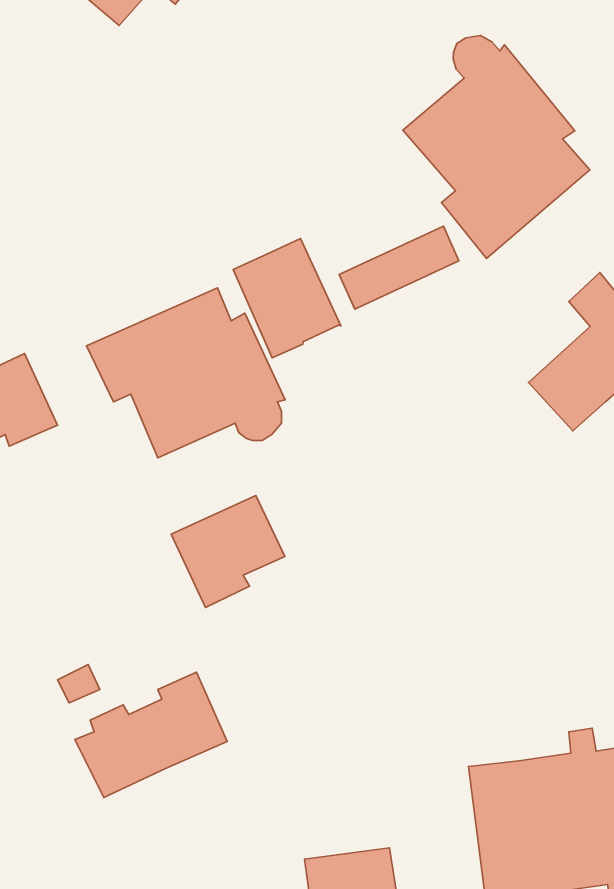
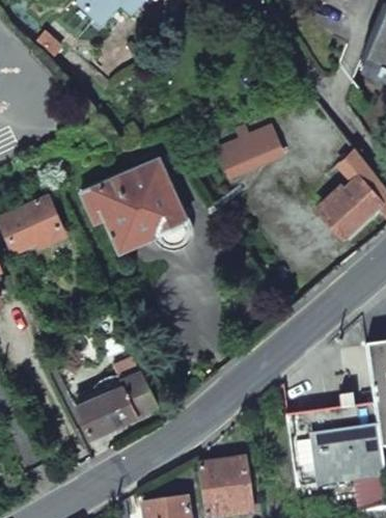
building: [403,35,590,259] -> none
building: [233,238,341,358] -> none
building: [171,495,285,608] -> none

